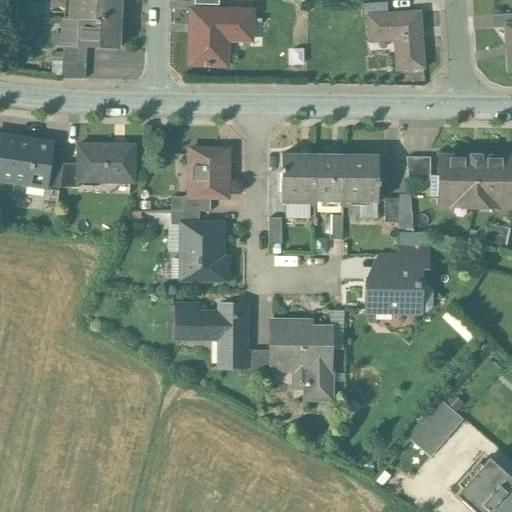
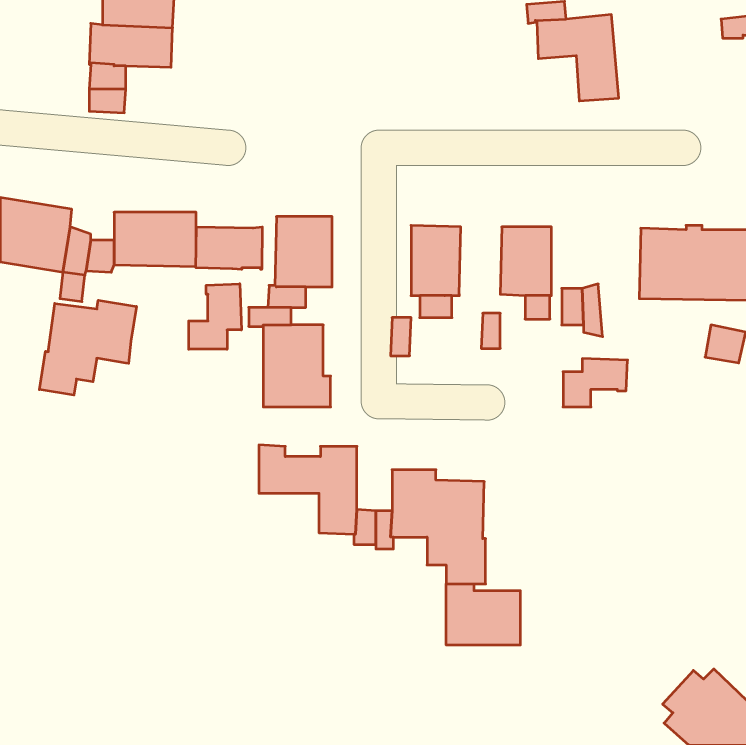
building: [189,7,252,65] -> none
building: [315,155,344,201] -> none
building: none -> [196,227,262,269]
building: [407,156,431,180] -> none
building: none -> [189,284,241,349]
building: none -> [39,300,136,395]
building: [365,266,432,310] -> none
building: none -> [446,584,520,645]
building: [411,402,463,456] -> none

